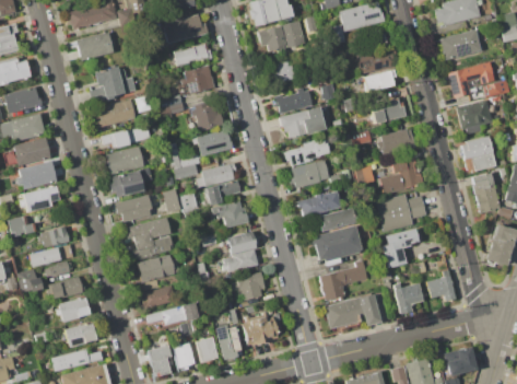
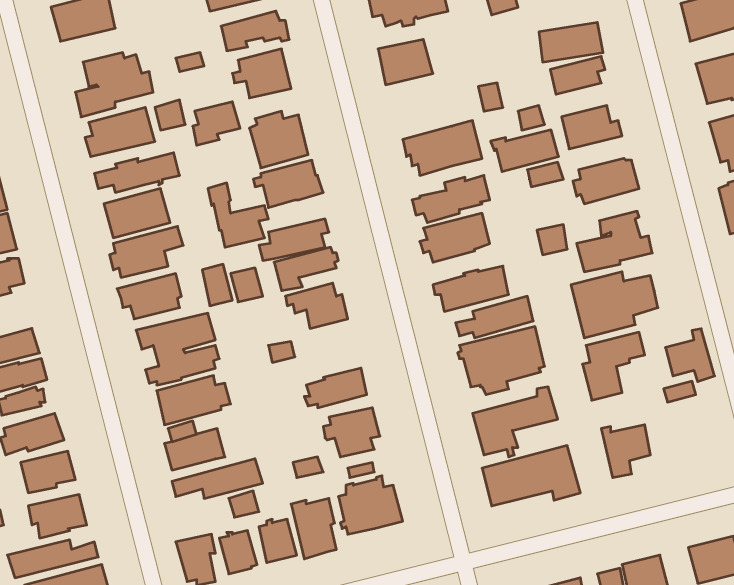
building: [273,90,313,114] -> [491,130,559,172]
building: [226,231,256,254] -> none
building: [427,270,456,301] -> [665,329,715,382]

